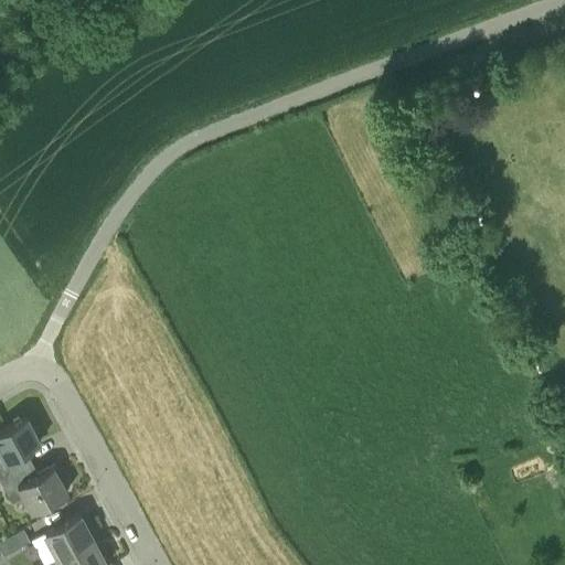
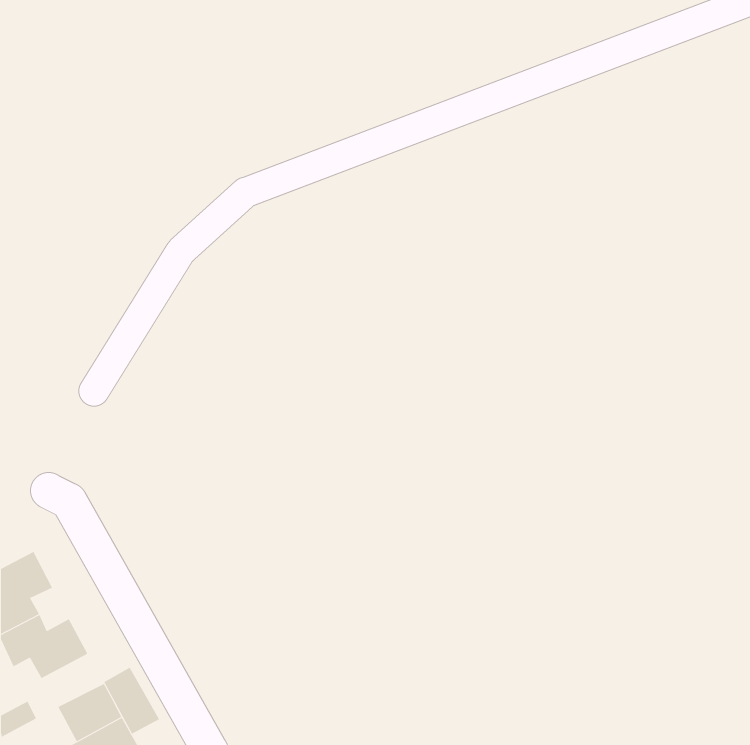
building: none -> [104,667,160,735]

